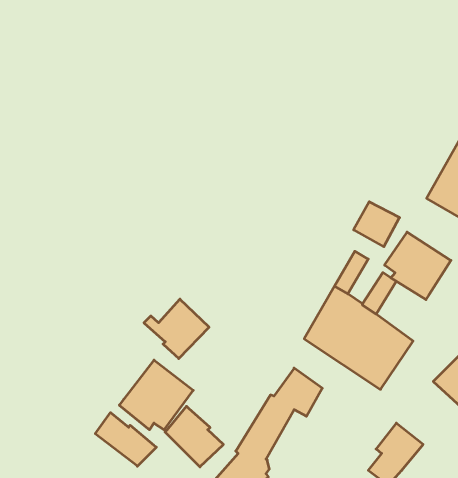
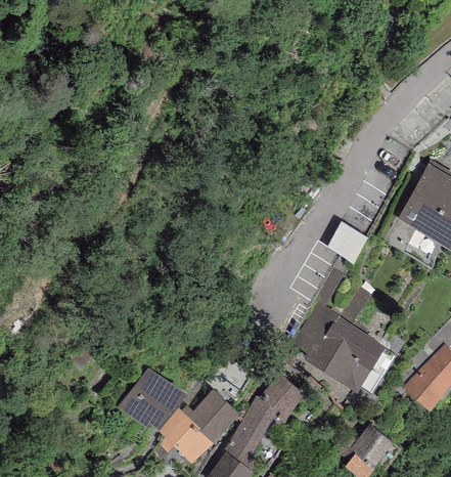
building: [385,232,451,300] -> none
building: [144,299,209,359] -> [181,389,240,443]
building: [95,413,156,466] -> none

